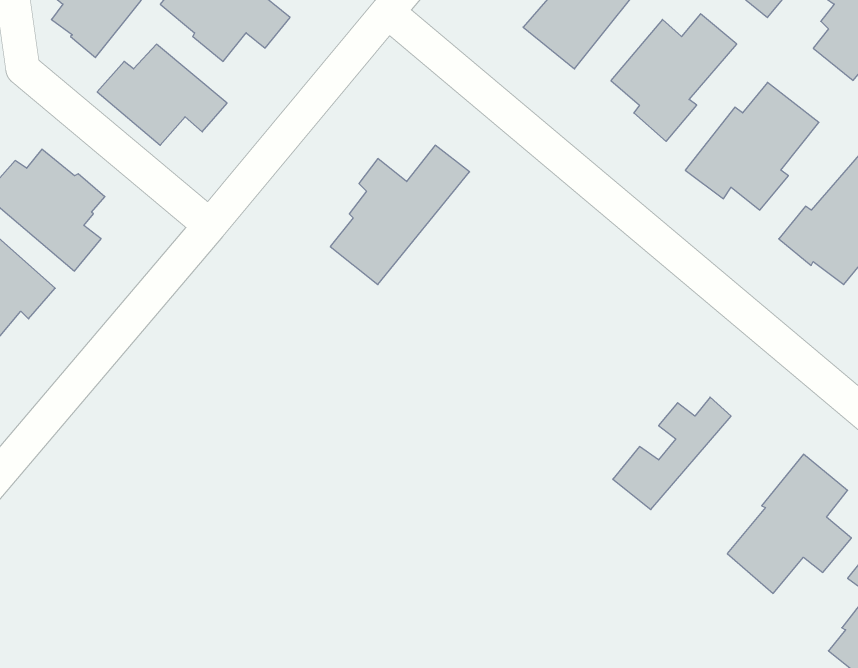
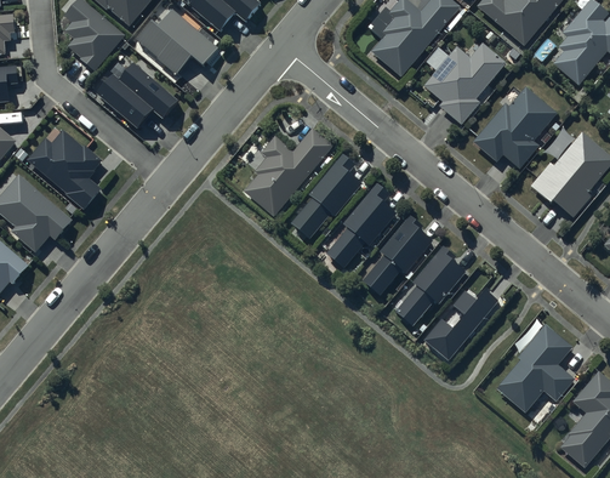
building: none -> [291,154,361,238]
building: none -> [327,184,398,267]
building: none -> [363,215,432,295]
building: none -> [395,246,466,326]

